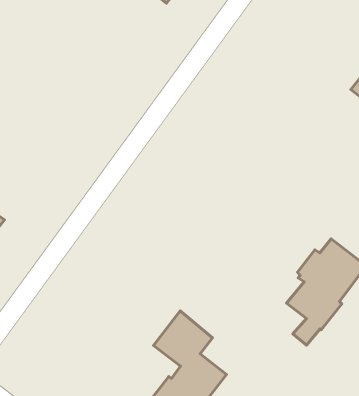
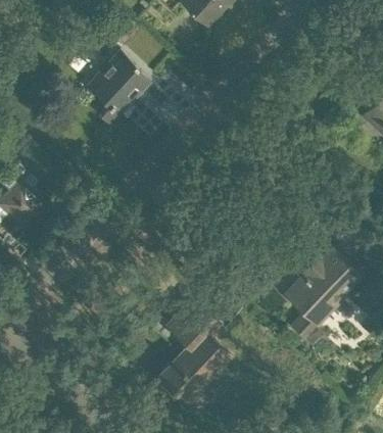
building: none -> [91,50,152,131]

